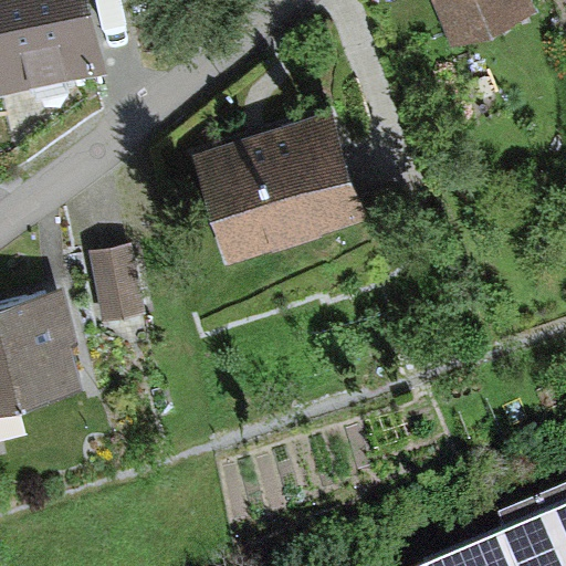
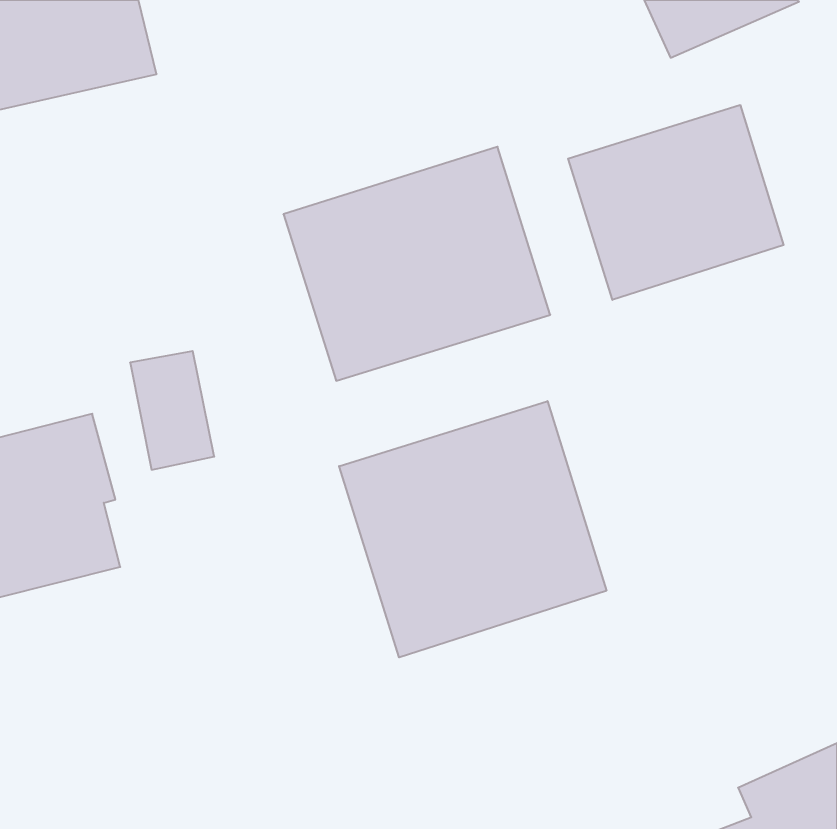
building: none -> [568,105,784,300]
building: none -> [339,401,606,657]

